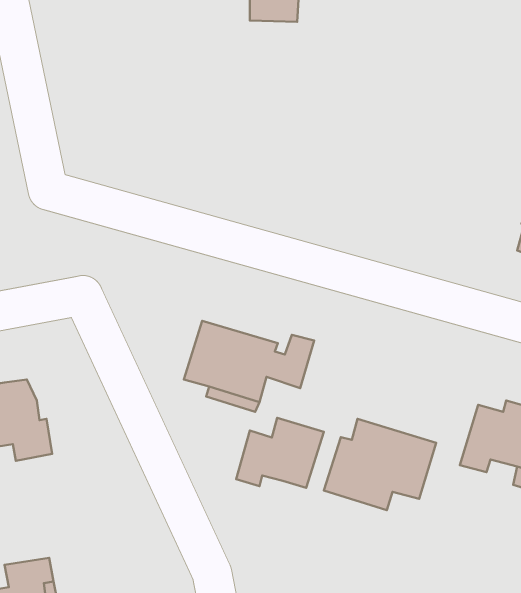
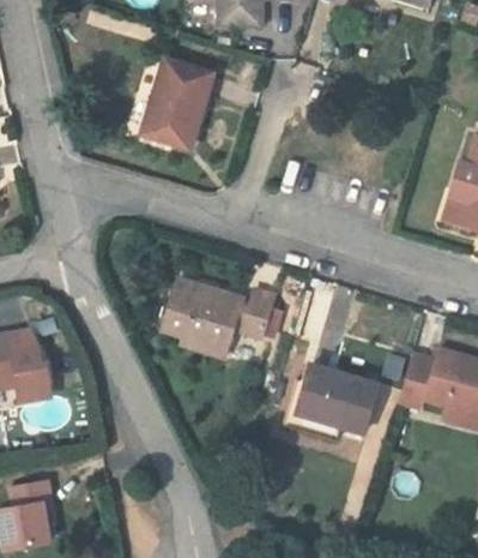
building: none -> [143,58,213,146]
building: [236,418,324,488] -> none

